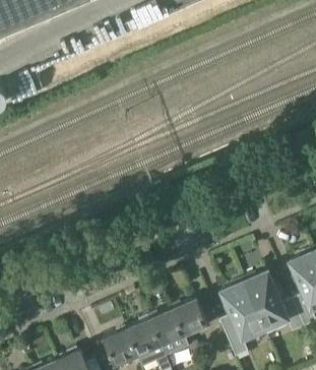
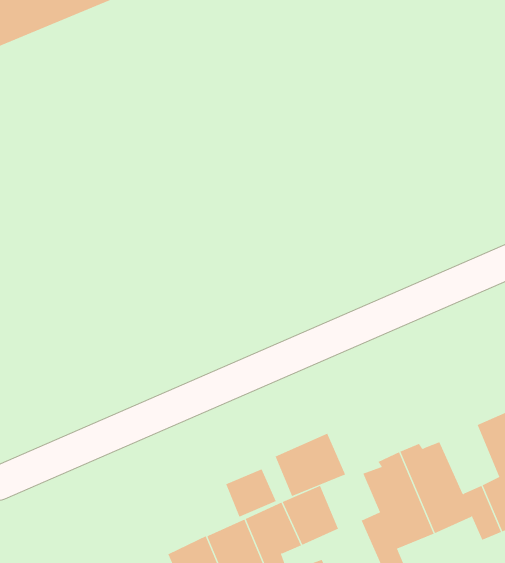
building: none -> [275,433,346,497]
building: none -> [225,469,277,518]

